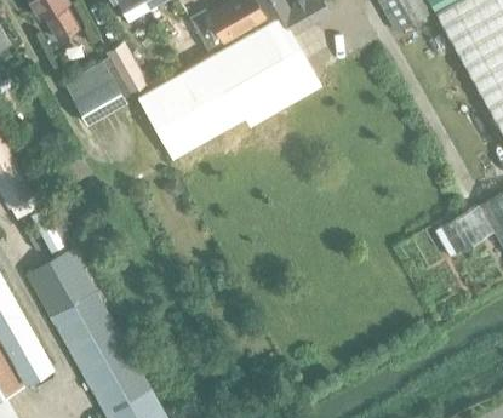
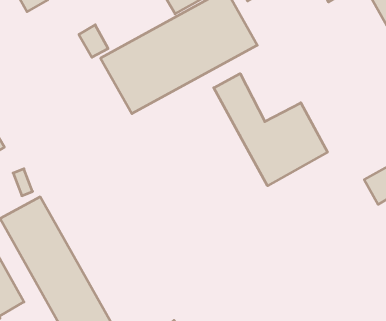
building: [64,62,127,127] -> none
building: none -> [214,74,327,186]

